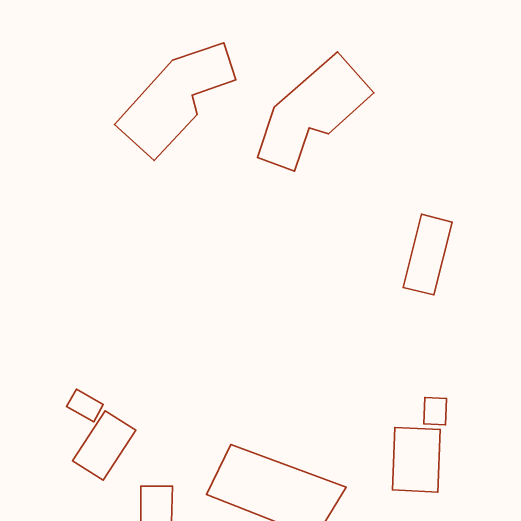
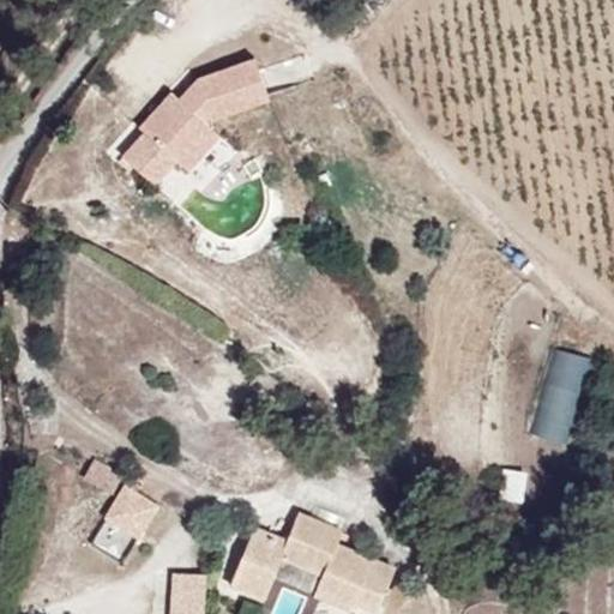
building: [258,52,374,171] -> none
building: [403,214,452,295] -> [530,347,588,441]
building: [393,427,440,492] -> none

